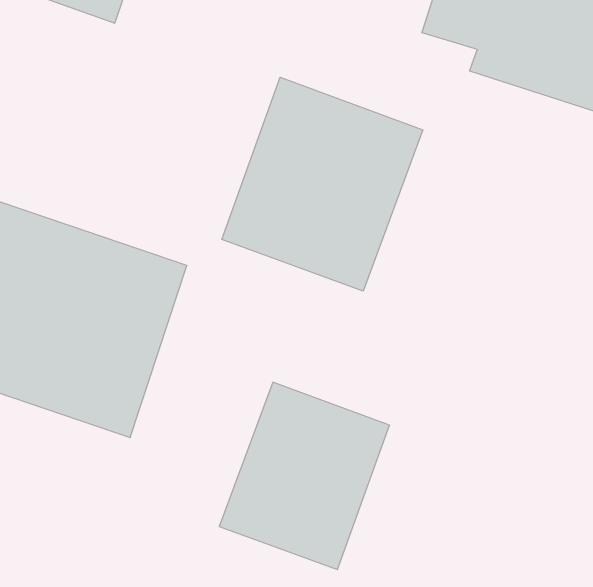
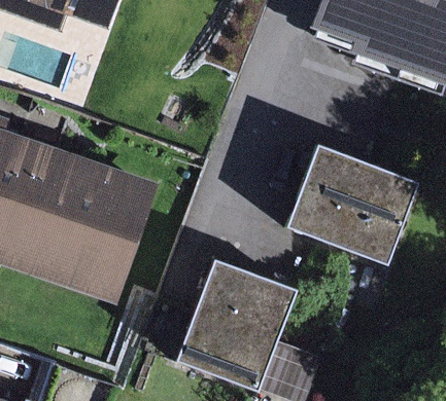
building: [222,77,423,291] -> none
building: none -> [291,149,414,260]

